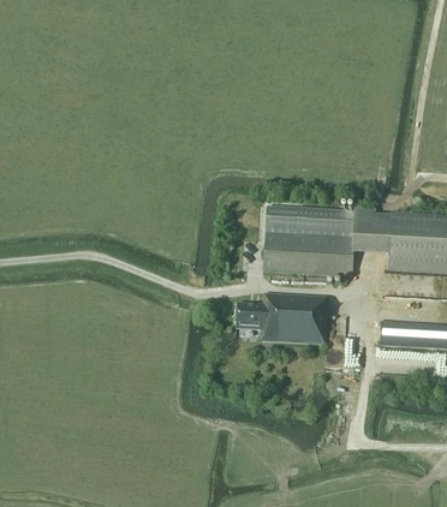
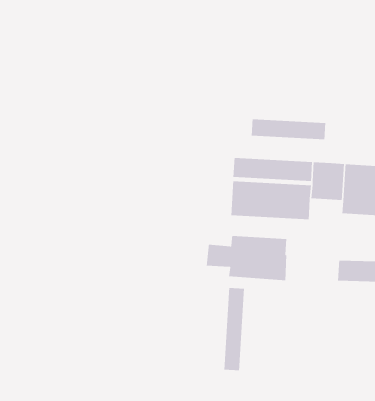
building: none -> [251,119,326,140]
building: none -> [224,287,245,371]

